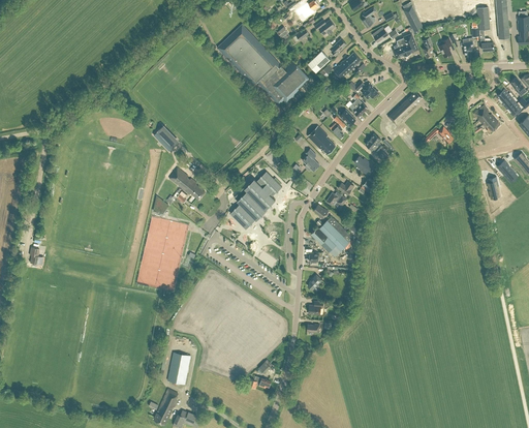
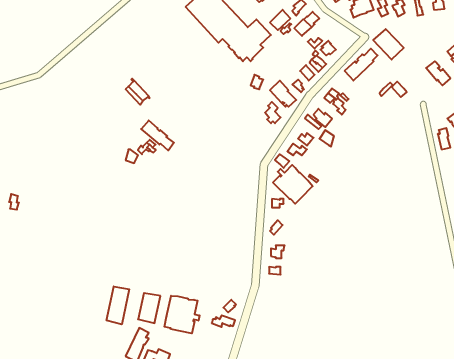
building: none -> [373,29,404,60]
building: [230,172,282,230] -> none
building: none -> [107,286,129,324]
building: none -> [164,296,200,333]

